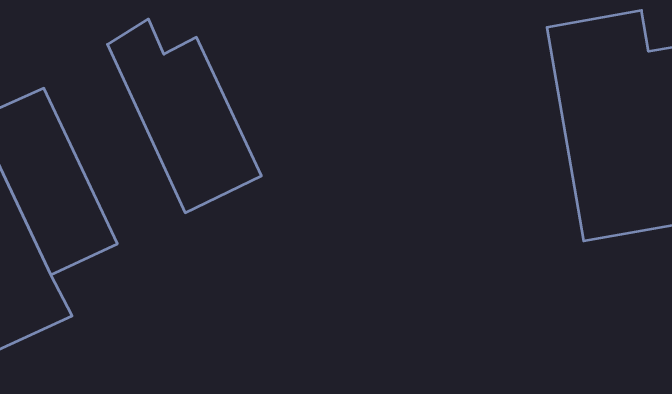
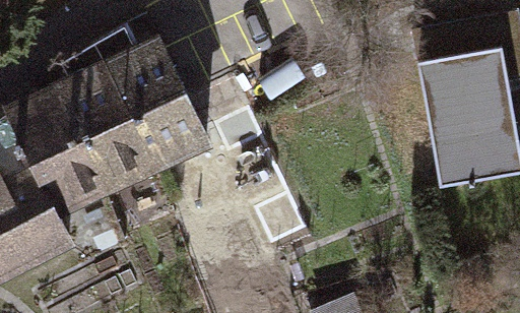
building: none -> [54,51,155,194]

